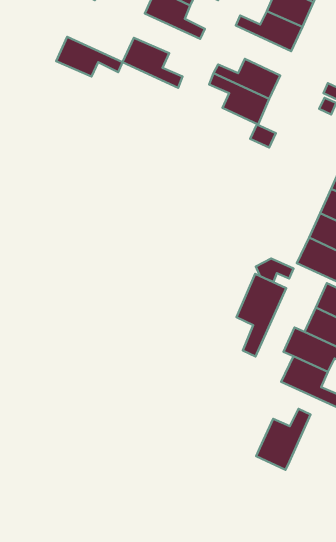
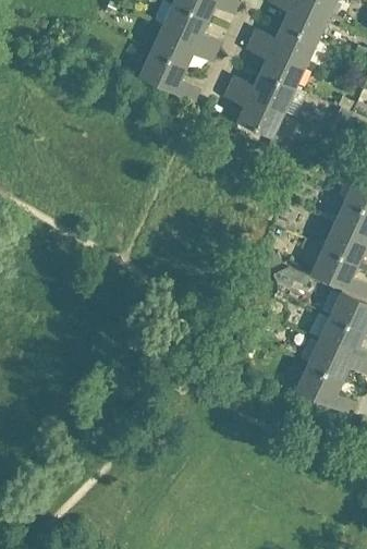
building: none -> [247,39,306,88]
building: [56,37,123,77] -> [151,27,217,66]
building: [237,274,286,356] -> none
building: [256,409,310,470] -> none

